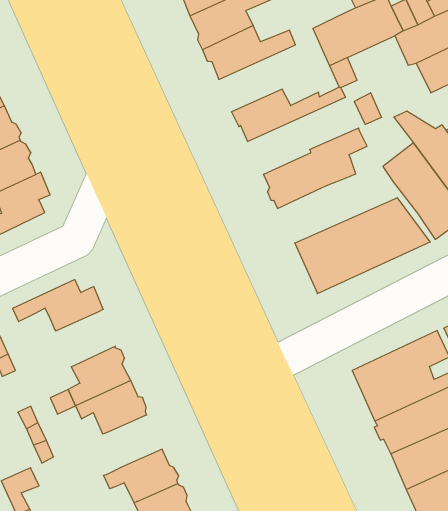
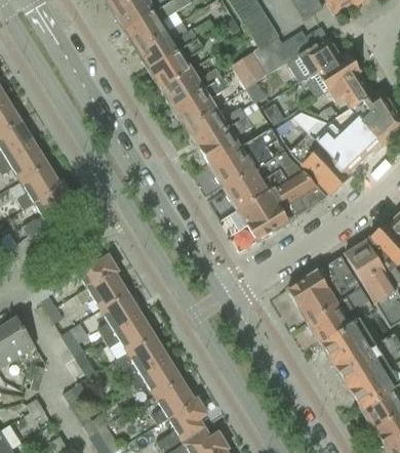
building: none -> [173,77,228,127]
building: none -> [198,108,264,166]
building: none -> [224,150,303,209]
building: none -> [70,272,127,311]
building: none -> [115,336,167,380]

